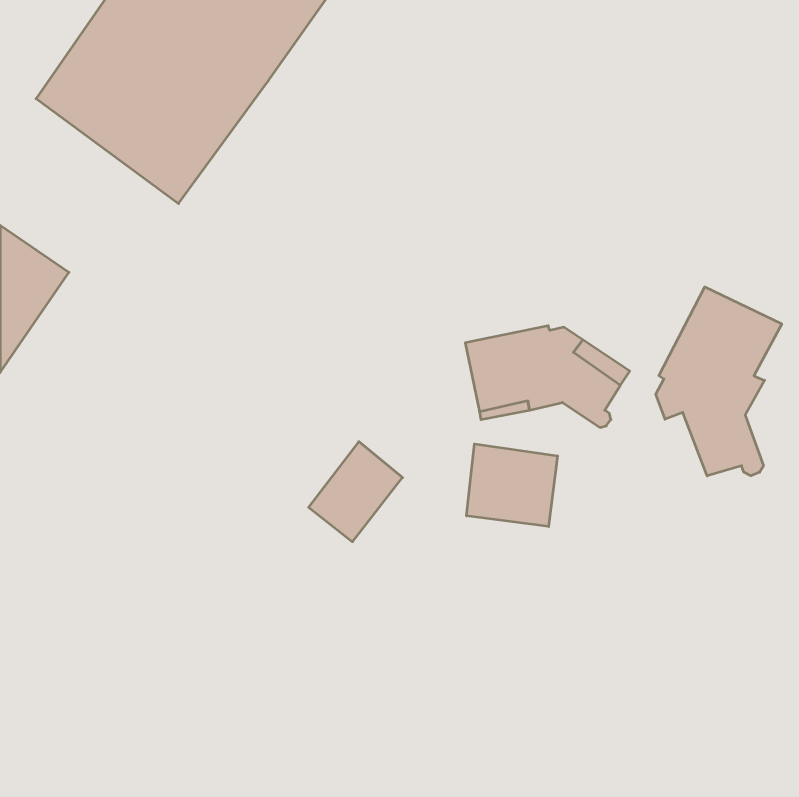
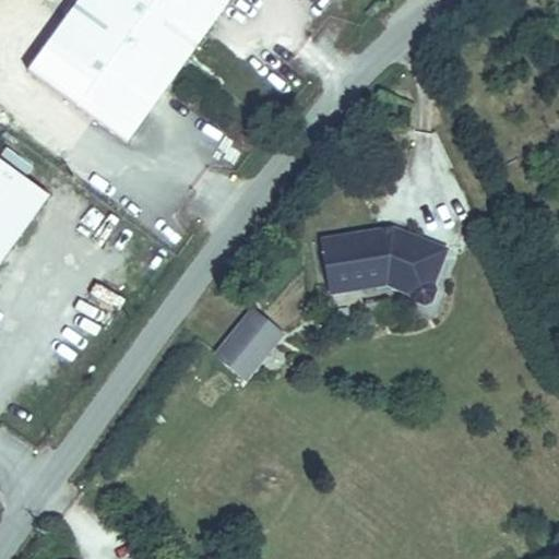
building: [656,287,782,476] -> none
building: [467,444,558,527] -> none

